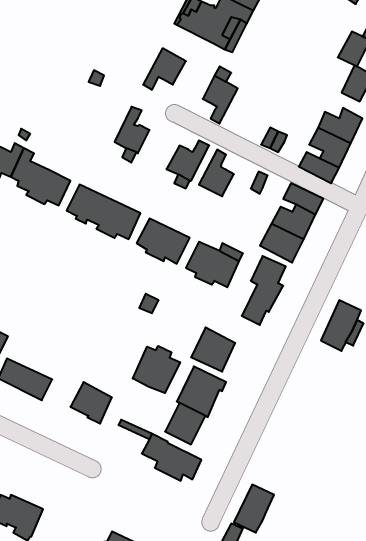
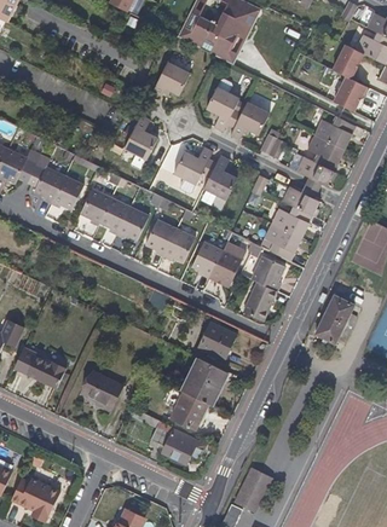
building: none -> [229,102,268,139]
building: [133,346,180,393] -> none

